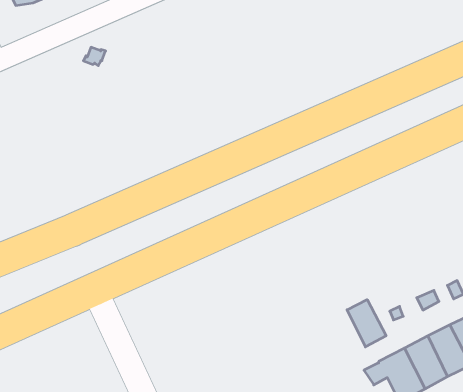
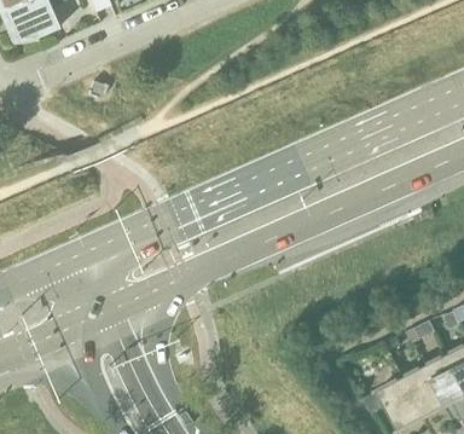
building: [347,300,386,347] -> none

